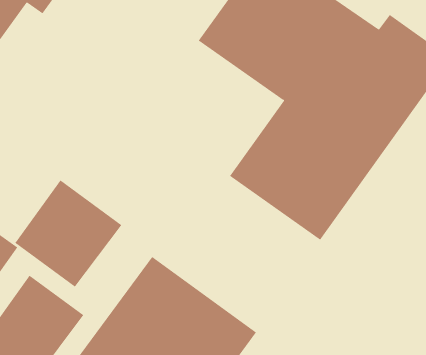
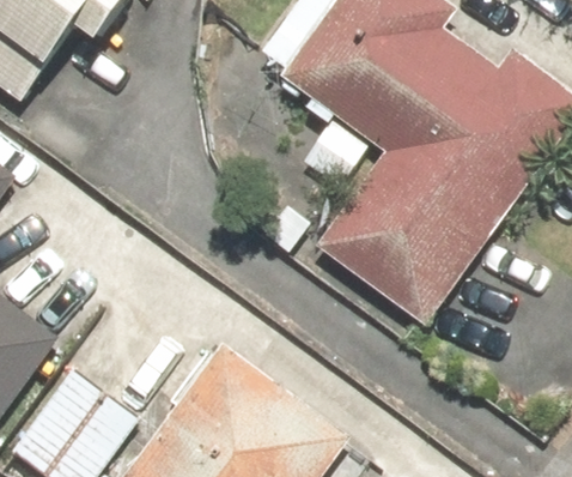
building: [14,180,122,288] -> none

